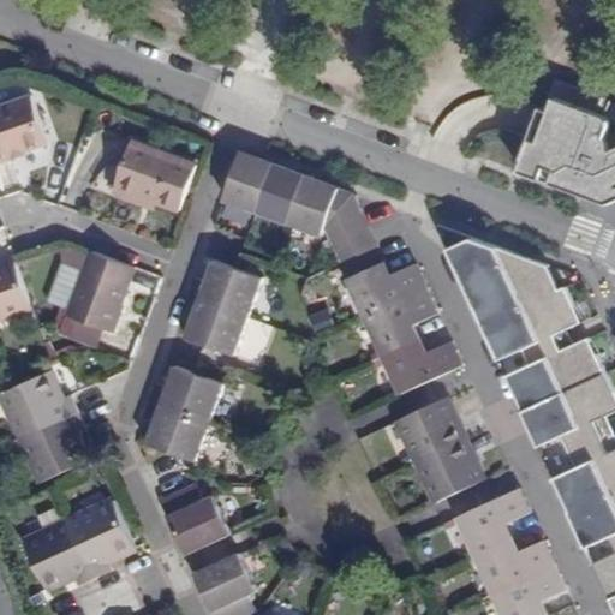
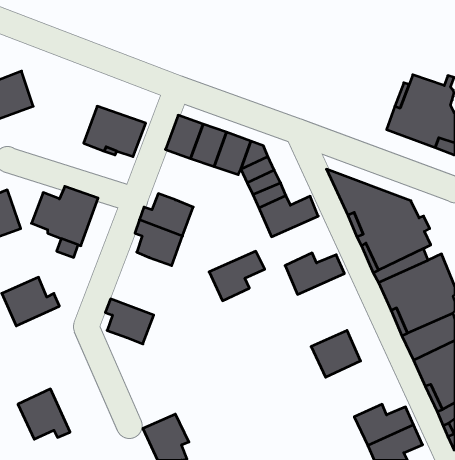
building: [363,288,437,354] -> [209,251,265,301]
building: [148,363,220,420] -> none
building: [398,400,464,462] -> none
building: [22,408,90,479] -> none
building: [160,483,227,551] -> none
building: [456,491,530,556] -> none
building: [67,498,133,577] -> none

